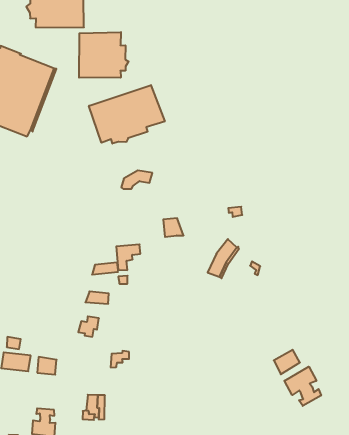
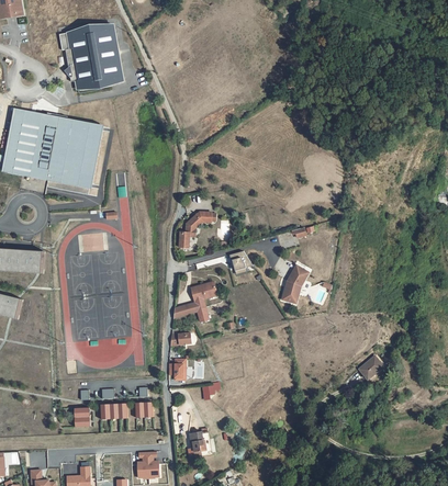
building: [79,32,129,78] -> none
building: [89,85,165,144] -> none
building: [284,367,321,406] -> none

